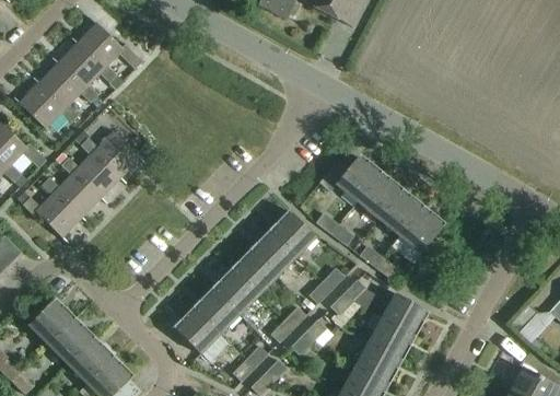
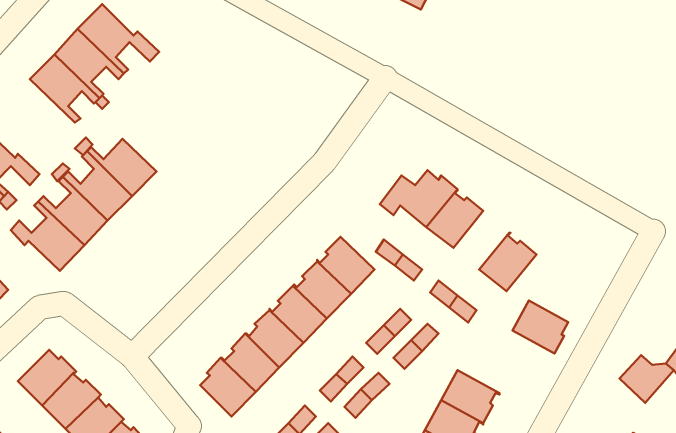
building: [19,82,74,128] -> none
building: [378,188,423,235] -> none
building: [382,292,427,335] -> [512,300,568,354]

